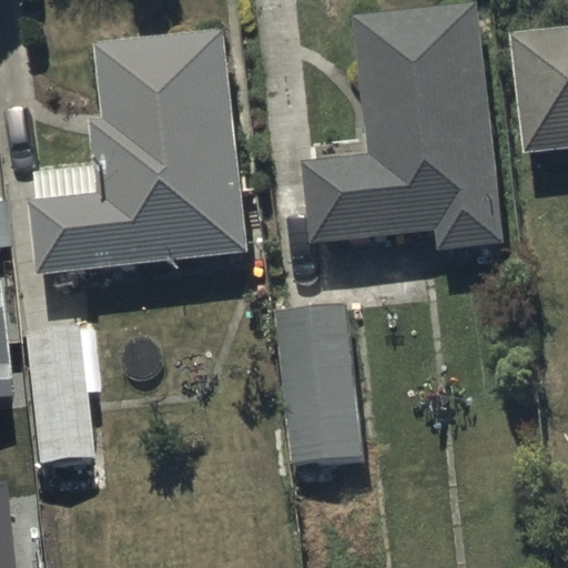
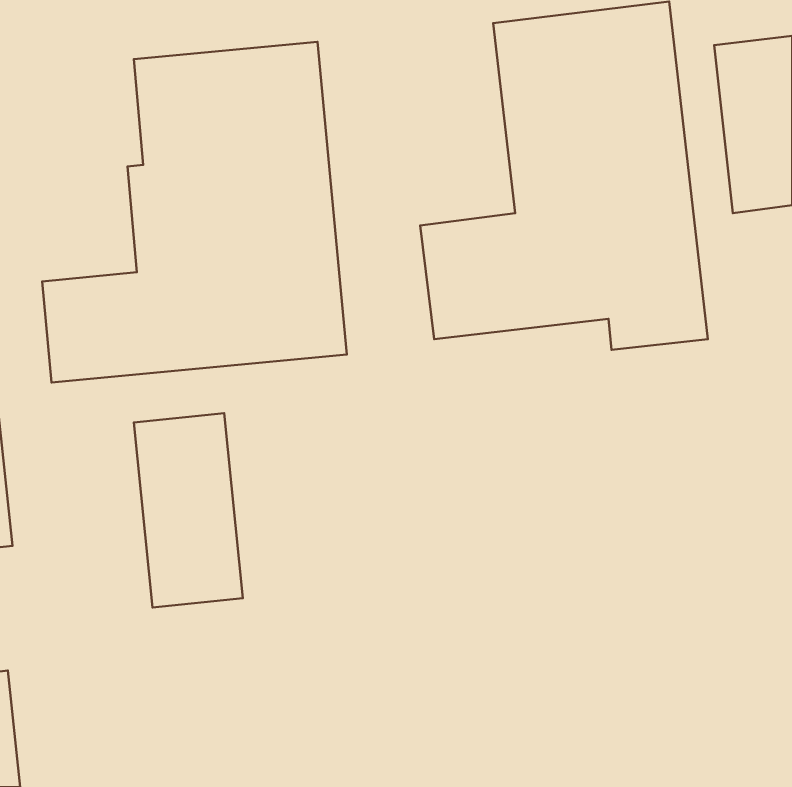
building: [272,301,359,460] -> none
building: [19,325,97,464] -> [134,413,243,608]

